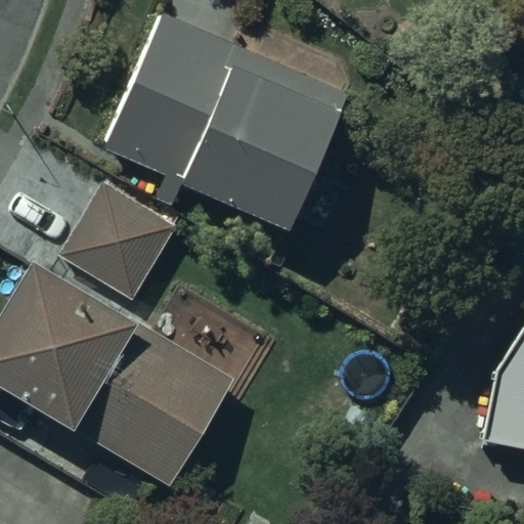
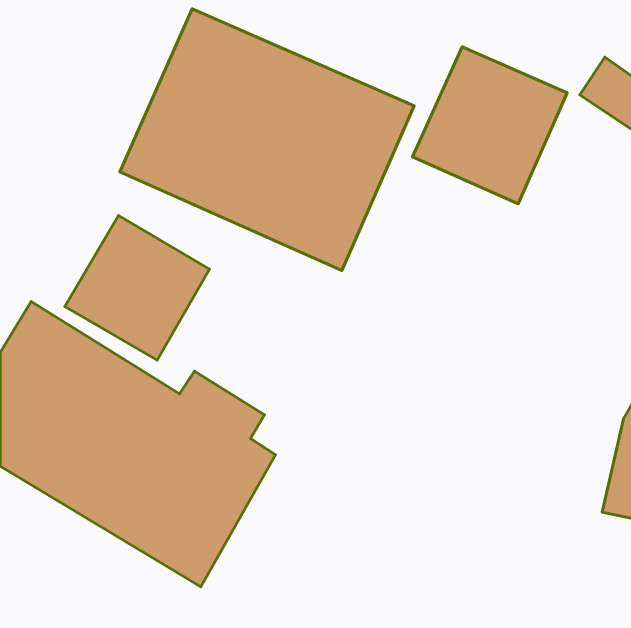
building: none -> [412,47,567,204]

